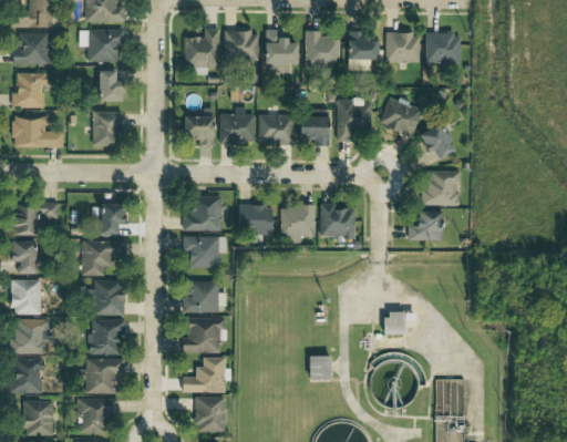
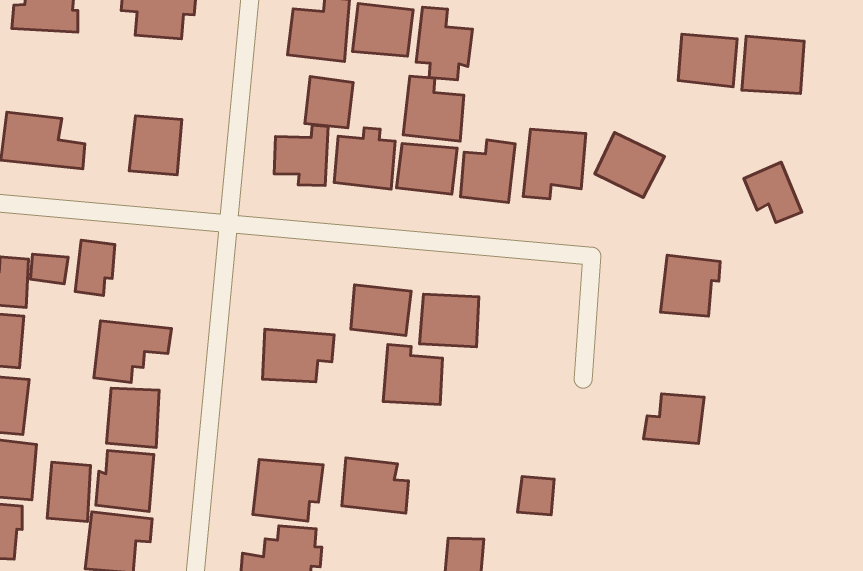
building: [305,31,340,69] -> [403,76,464,141]
building: [347,31,378,71] -> none
building: none -> [742,36,804,94]
building: [385,34,421,63] -> none
building: [96,71,122,102] -> none
building: [16,73,47,107] -> none
building: none -> [305,77,353,128]
building: [417,123,455,161] -> [744,162,802,223]
building: [183,196,223,232] -> none
building: [100,204,122,237] -> [75,240,115,296]
building: [320,204,355,239] -> [383,345,442,405]
building: [408,212,443,240] -> [643,394,704,443]
building: [186,281,226,312] -> [342,458,409,513]
building: [383,312,404,335] -> [517,477,554,515]
building: none -> [47,462,91,521]

